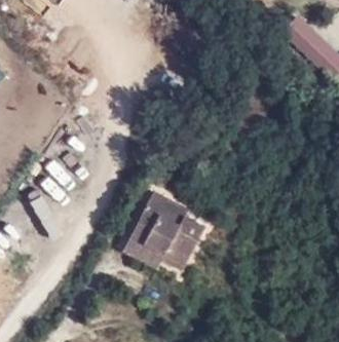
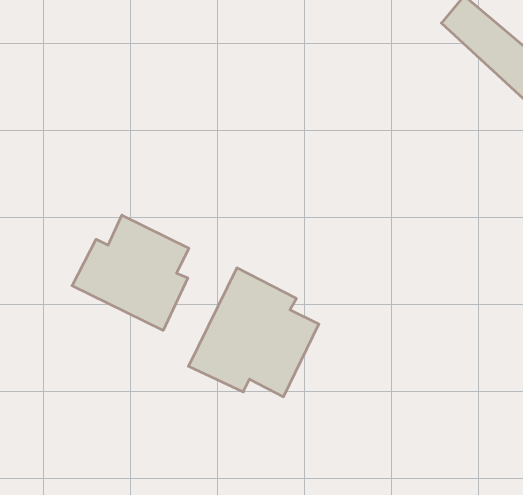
building: none -> [72,215,189,330]

